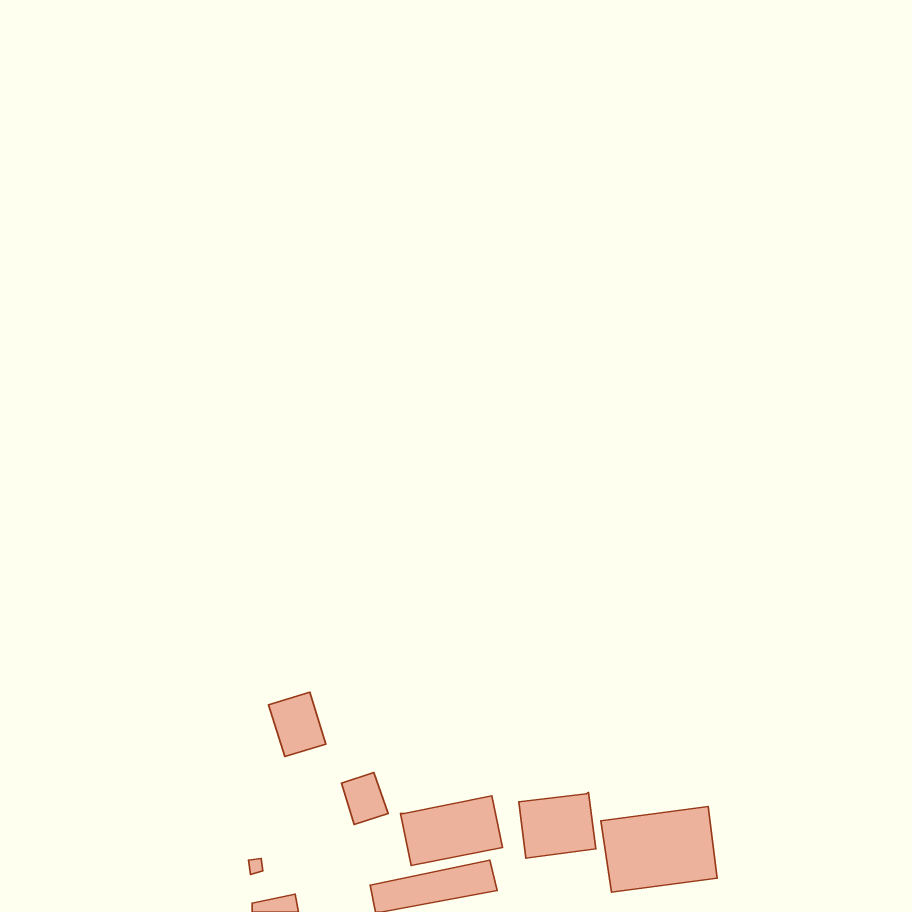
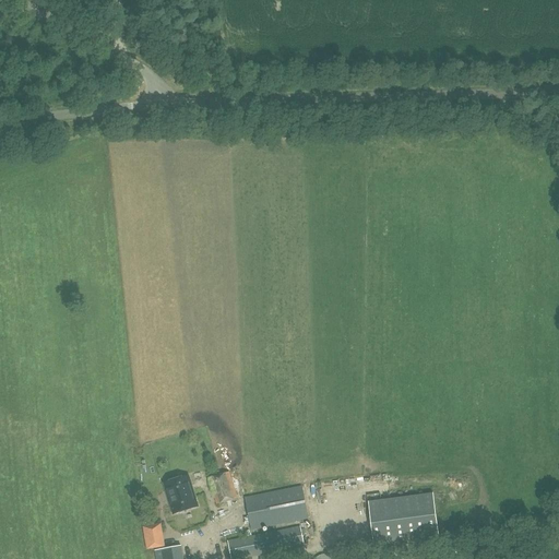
building: [269,692,326,757] -> [163,474,198,513]
building: [519,793,596,858] -> none

